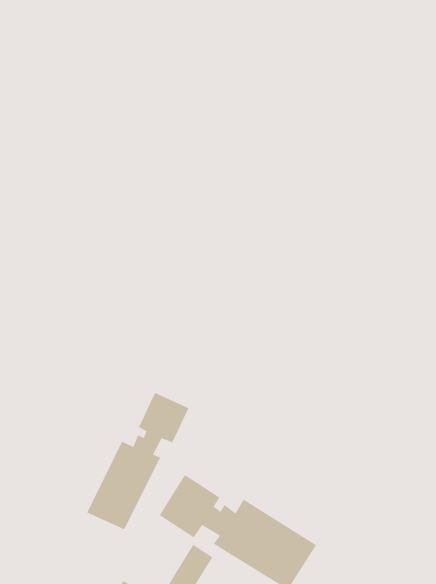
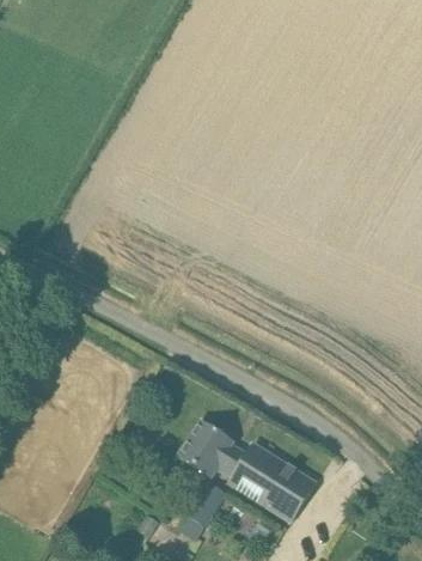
building: [87,392,189,530] -> none

